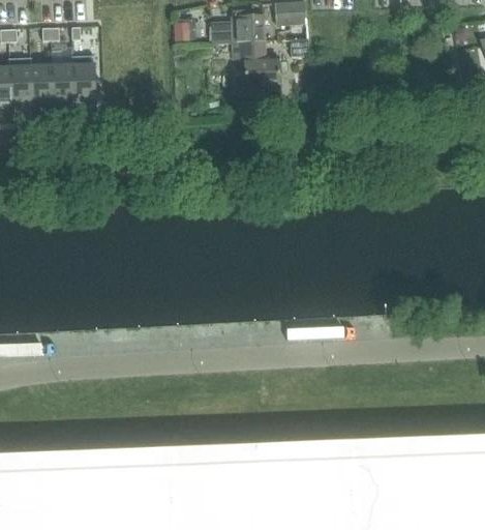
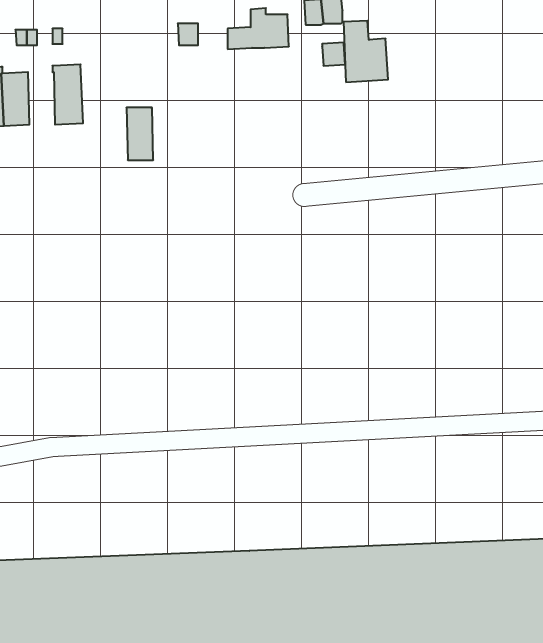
building: [243,40,279,90] -> [343,21,388,82]
building: [52,61,73,104] -> [126,108,153,160]

